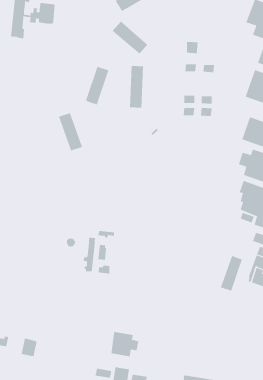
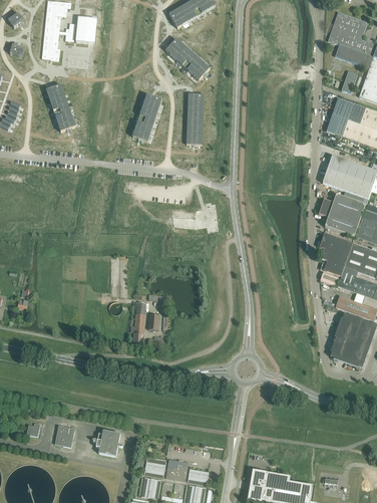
building: [58,112,83,151] -> [45,83,75,131]
building: [220,255,243,292] -> none
building: [111,331,139,357] -> none
building: none -> [91,429,122,456]

